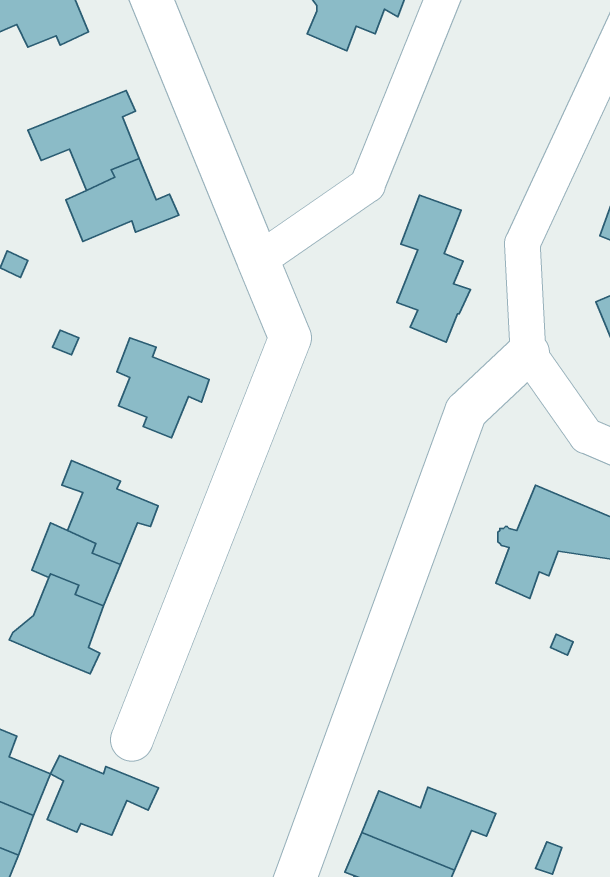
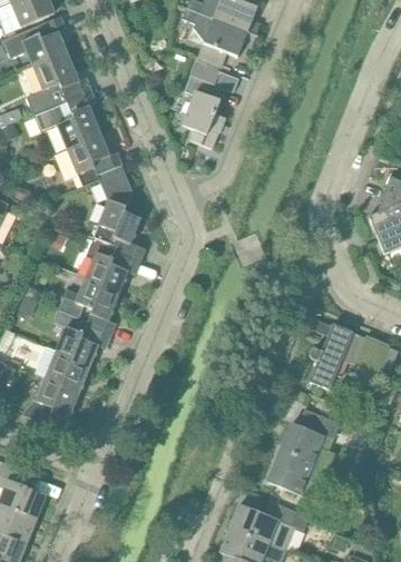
building: none -> [26,57,90,115]
building: [397,195,471,342] -> [182,62,225,149]
building: none -> [92,165,145,262]
building: none -> [58,277,117,336]
building: none -> [267,408,340,499]
building: [47,755,158,835] -> none

